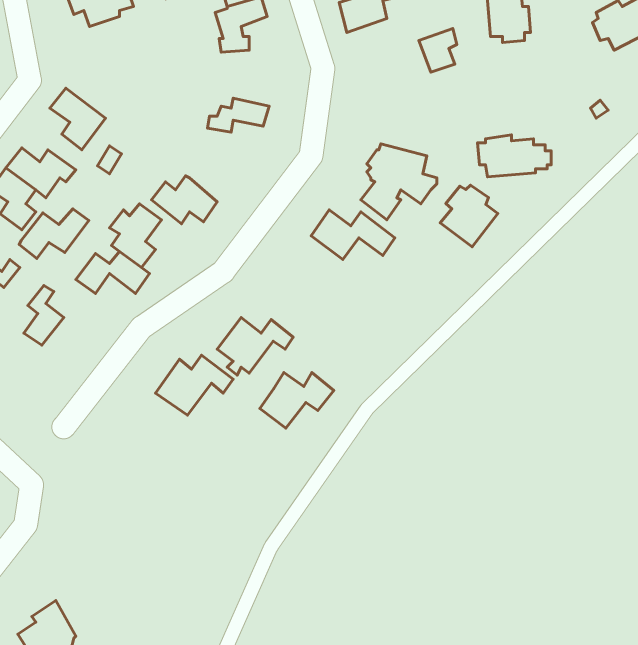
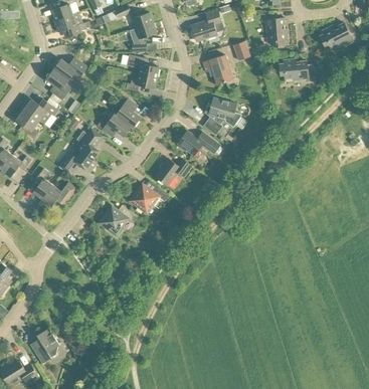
building: none -> [126,53,158,77]
building: none -> [202,54,232,83]
building: none -> [53,56,86,83]
building: [478,135,551,177] -> [279,58,316,79]
building: none -> [115,93,140,127]
building: [440,185,498,247] -> none
building: [19,209,89,259] -> [40,182,75,207]
building: [260,372,334,428] -> [154,157,191,185]

